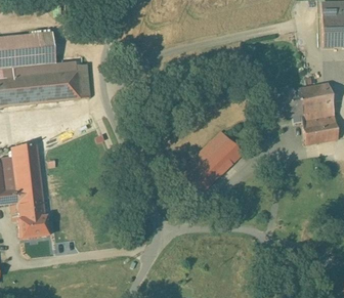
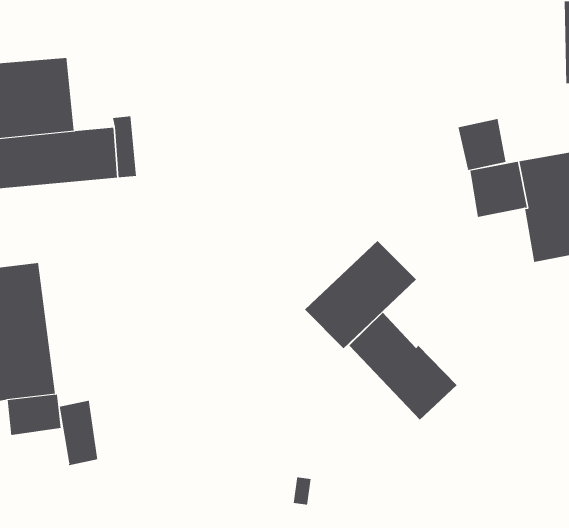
building: none -> [458,118,506,171]
building: none -> [348,312,458,421]
building: none -> [59,400,98,466]

